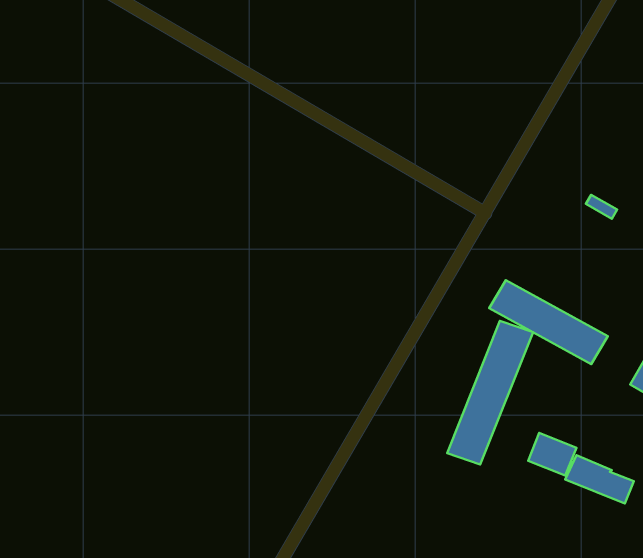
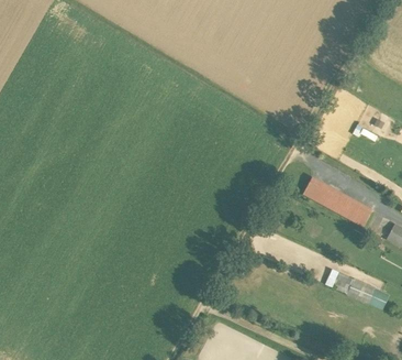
building: [447,321,533,465] -> none

